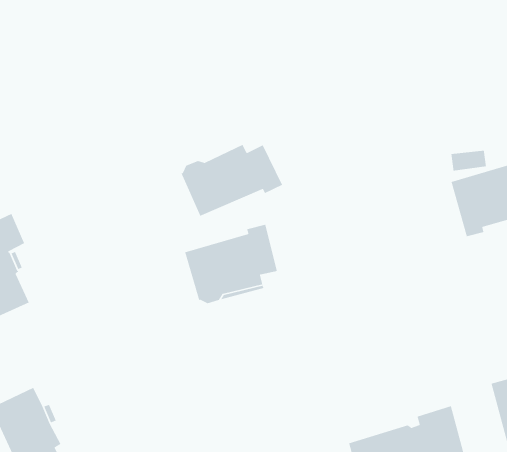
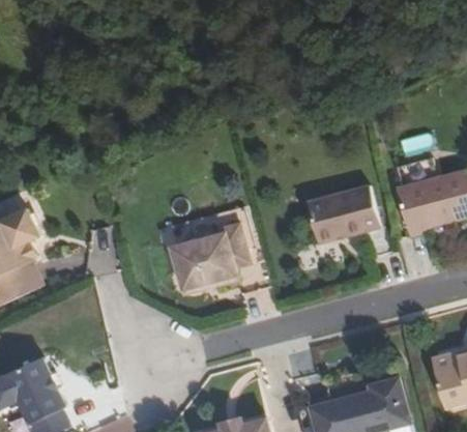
building: [180,144,283,217] -> none
building: none -> [307,182,380,241]

